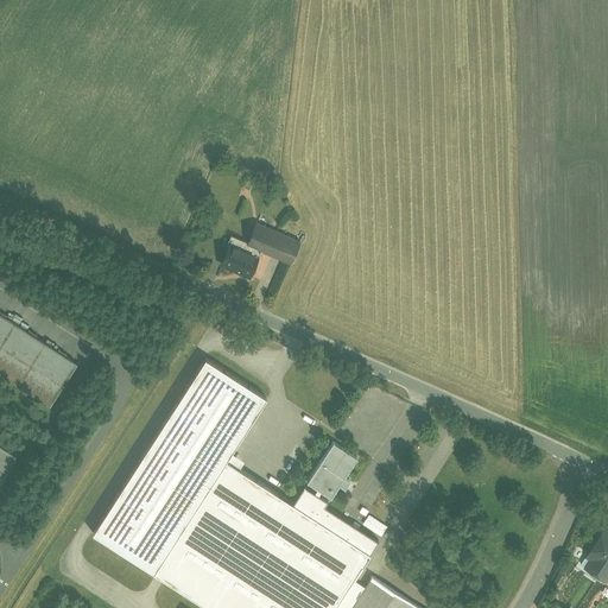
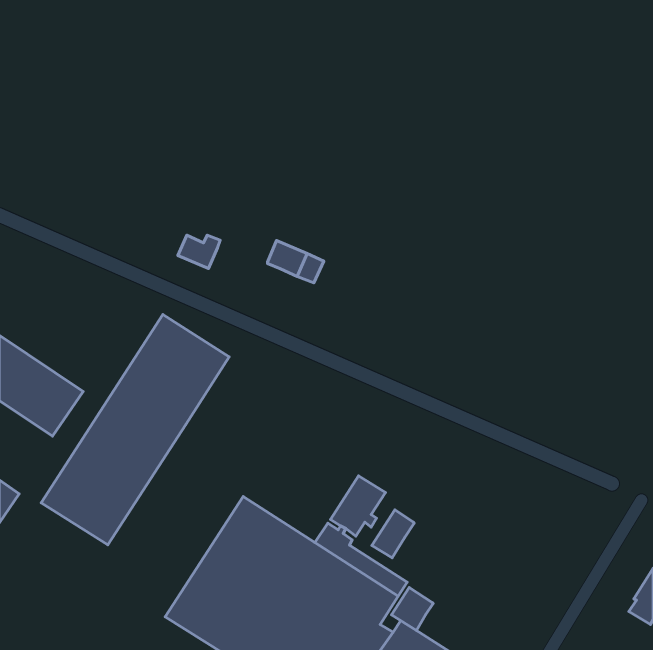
building: [221,248,260,279] -> [178,235,220,268]
building: [91,362,266,576] -> [41,315,229,545]
building: none -> [372,510,414,558]
building: none -> [391,587,433,630]

